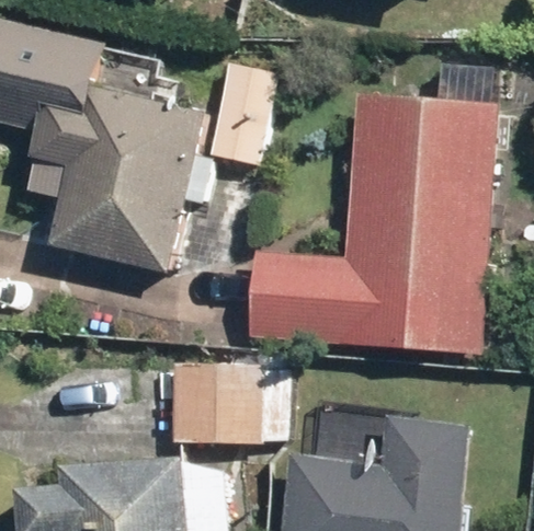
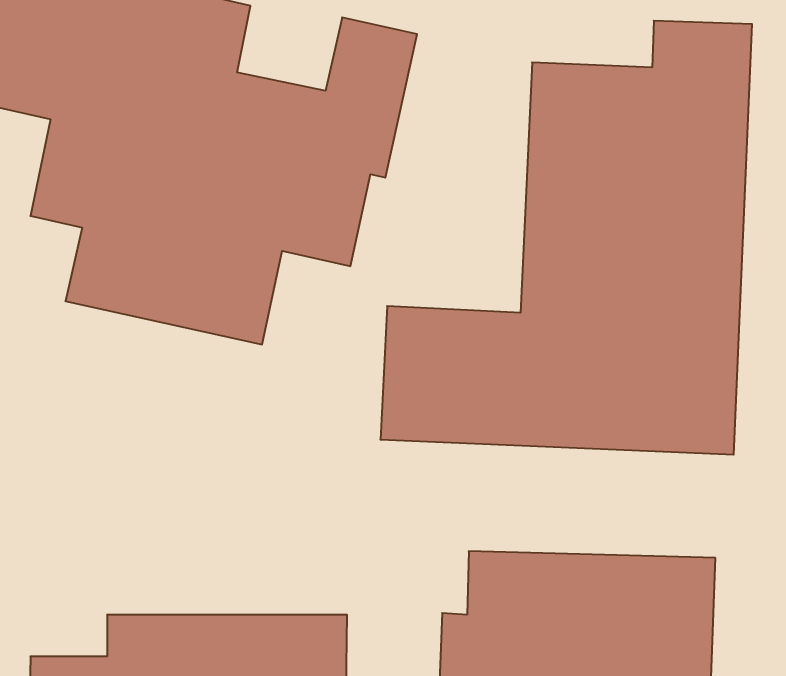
building: [171,365,288,450] -> none

